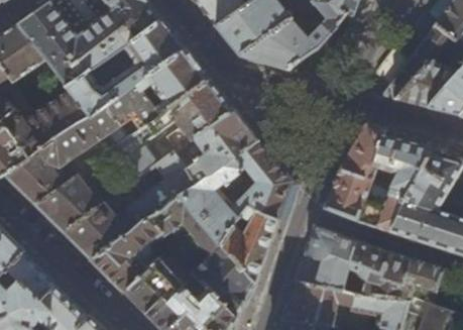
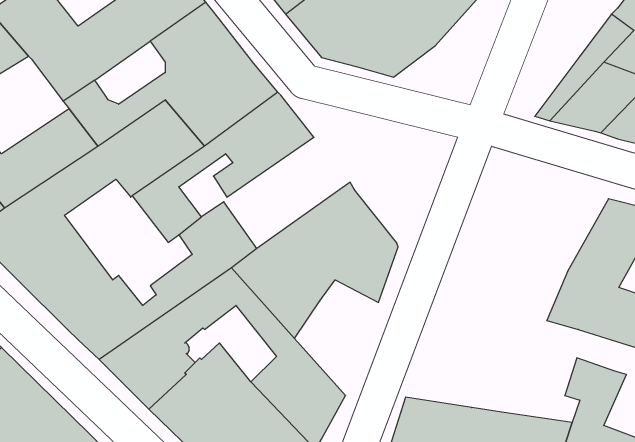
building: [173,110,258,185] -> none
building: [323,121,432,233] -> none
building: [221,206,277,284] -> none
building: [296,227,413,302] -> none

